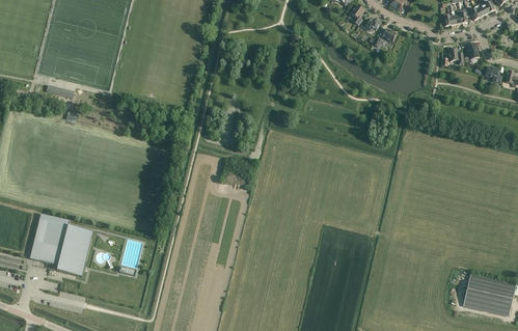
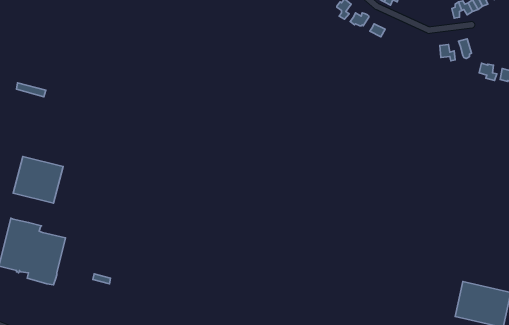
building: none -> [13,156,63,203]

